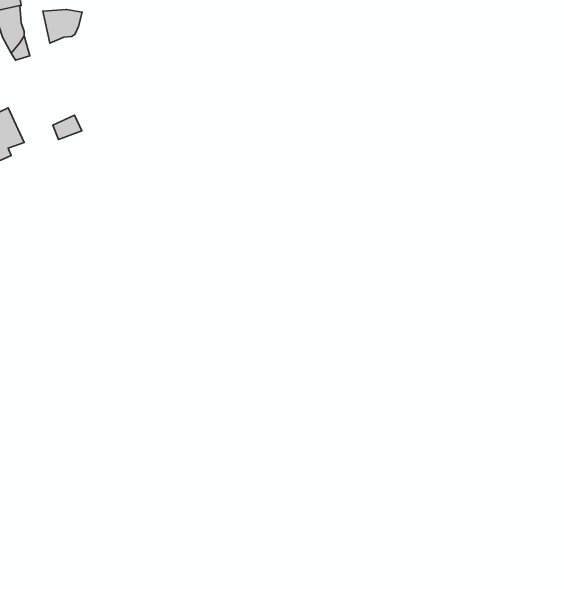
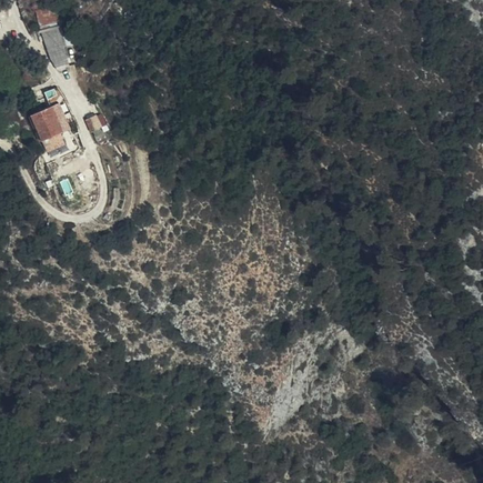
building: [43,9,82,43] -> none

